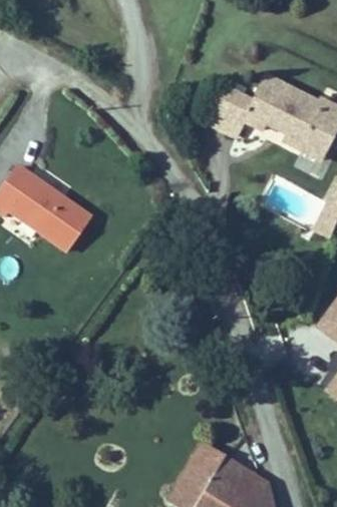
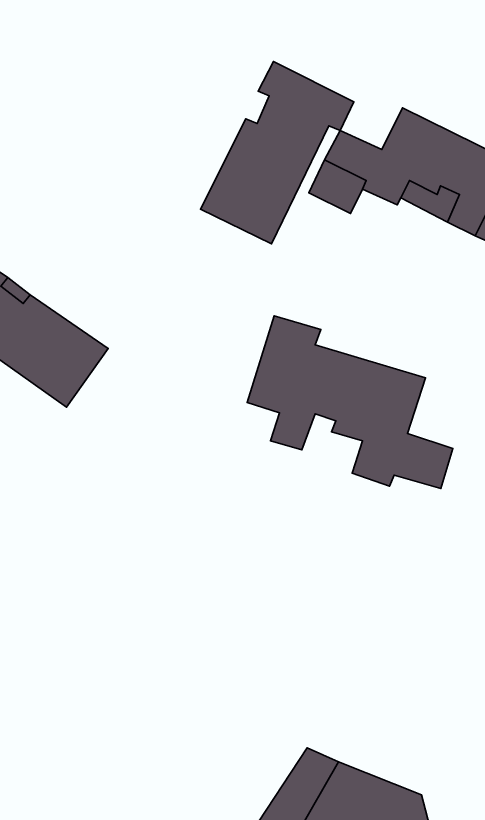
building: none -> [201,62,354,244]
building: none -> [247,316,453,489]

